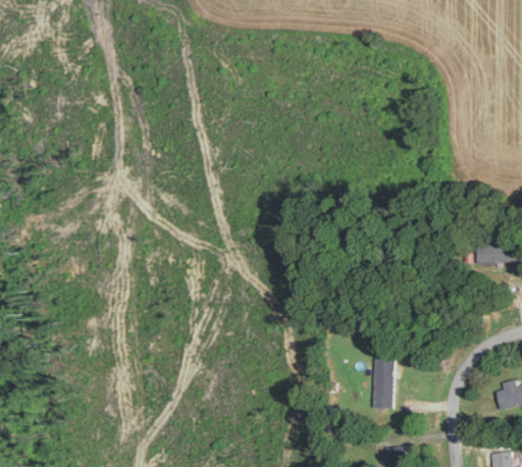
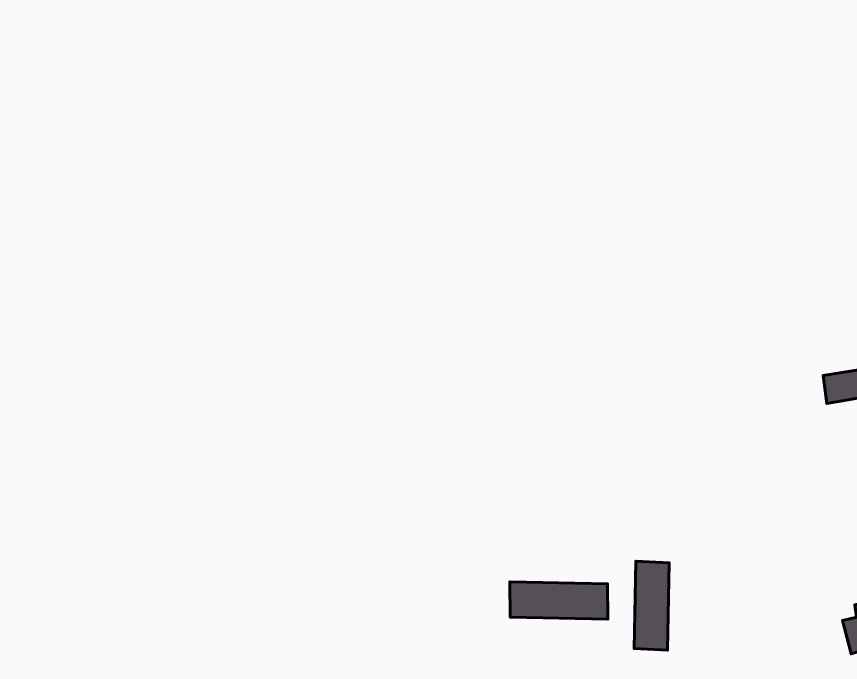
building: none -> [510,582,608,619]

